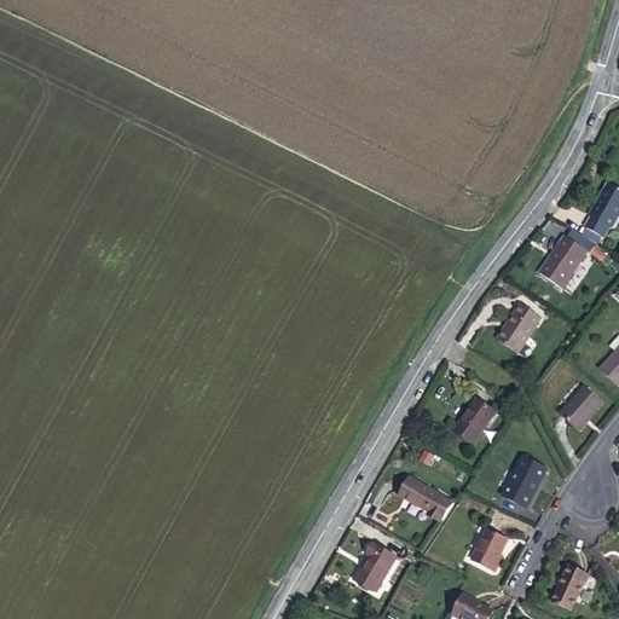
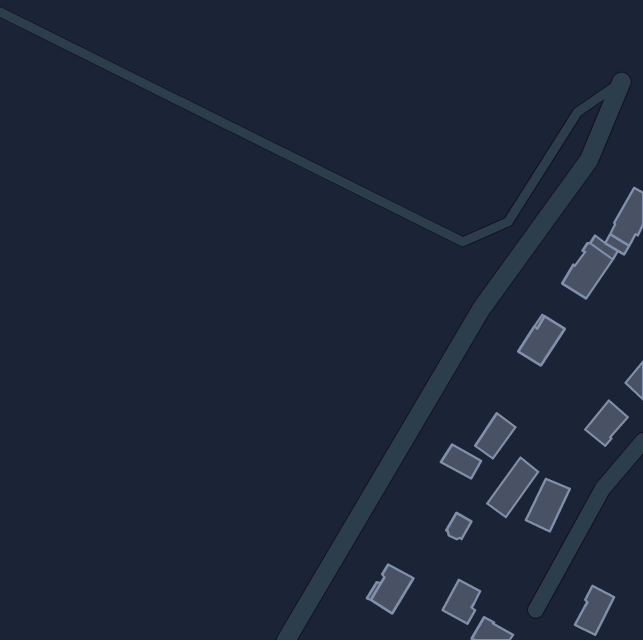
building: none -> [487,457,538,517]
building: [399,476,438,509] -> [441,445,481,479]
building: [470,527,507,569] -> [442,580,480,624]

